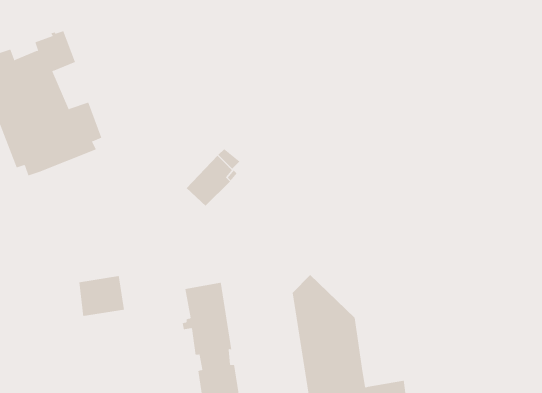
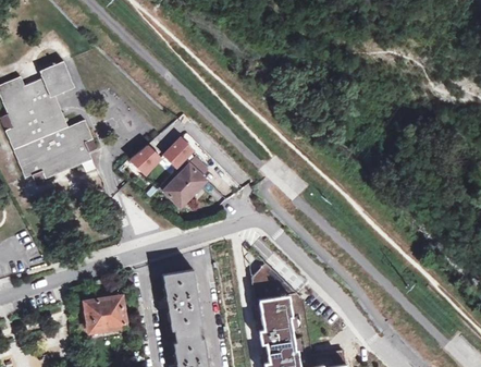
building: none -> [164,139,195,169]
building: none -> [131,147,161,175]
building: [79,275,125,317] -> [87,297,125,331]

